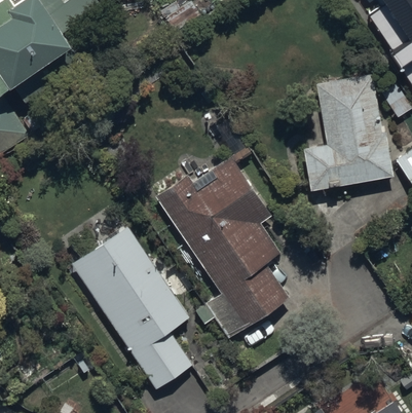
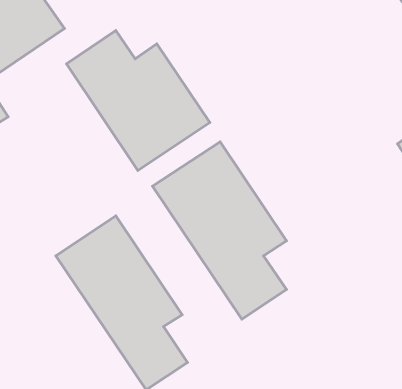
building: none -> [67,30,210,171]
building: [302,72,388,189] -> none

